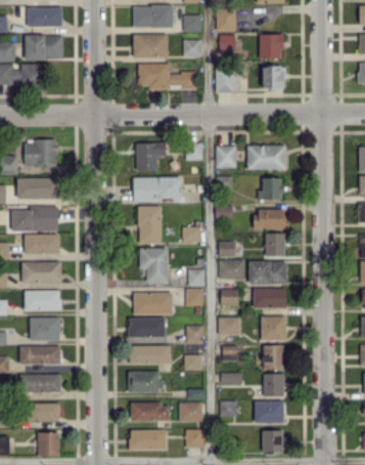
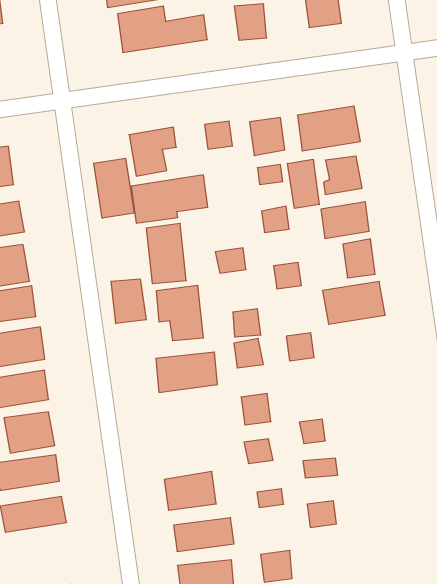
building: none -> [94,158,134,218]
building: none -> [287,159,319,208]
building: none -> [111,279,146,324]
building: [219,259,244,279] -> none
building: [254,288,286,307] -> none
building: [261,315,286,340] -> none
building: [219,316,240,335] -> none
building: [129,318,165,338] -> none
building: [129,345,171,365] -> none
building: [263,345,283,368] -> none
building: [264,373,284,396] -> none
building: [255,400,284,423] -> none
building: [179,401,202,421] -> none
building: [27,403,60,421] -> none
building: [262,429,284,452] -> none

